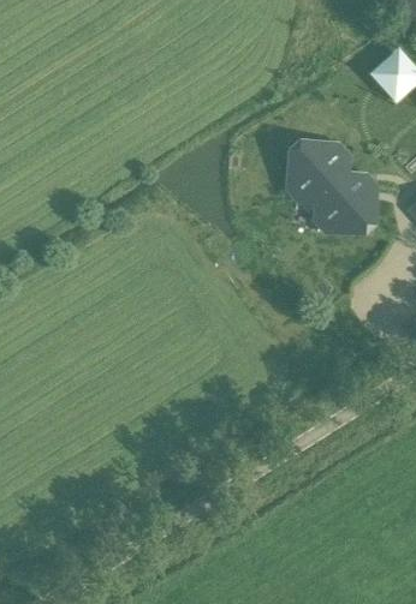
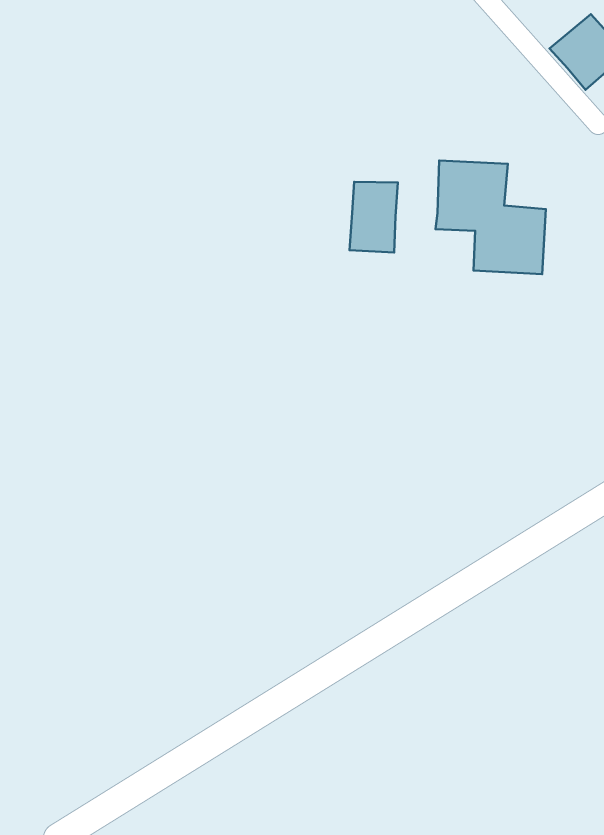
building: none -> [350,182,398,253]

